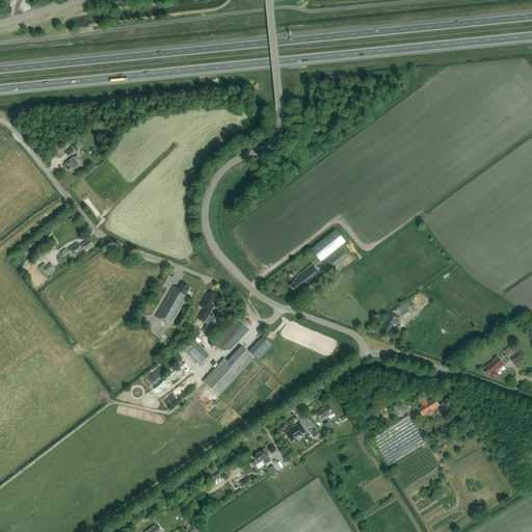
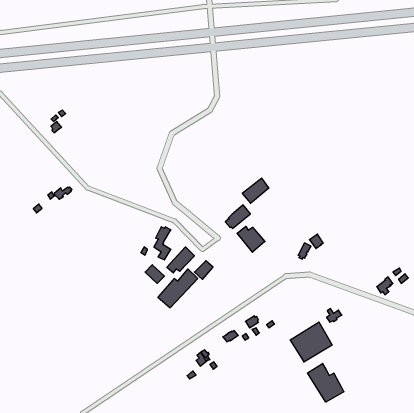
building: [156,282,190,324] -> none
building: none -> [237,226,265,252]
building: none -> [308,363,344,402]

